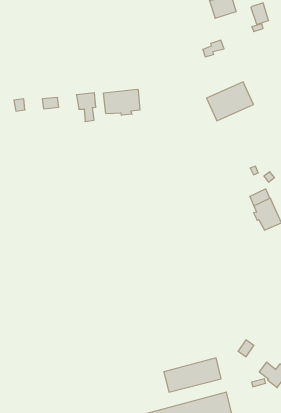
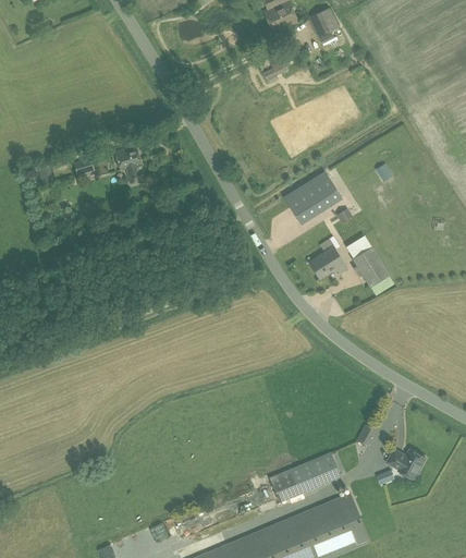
building: [207,82,253,121] -> [282,171,341,223]
building: [104,89,140,115] -> none
building: none -> [306,239,346,280]

